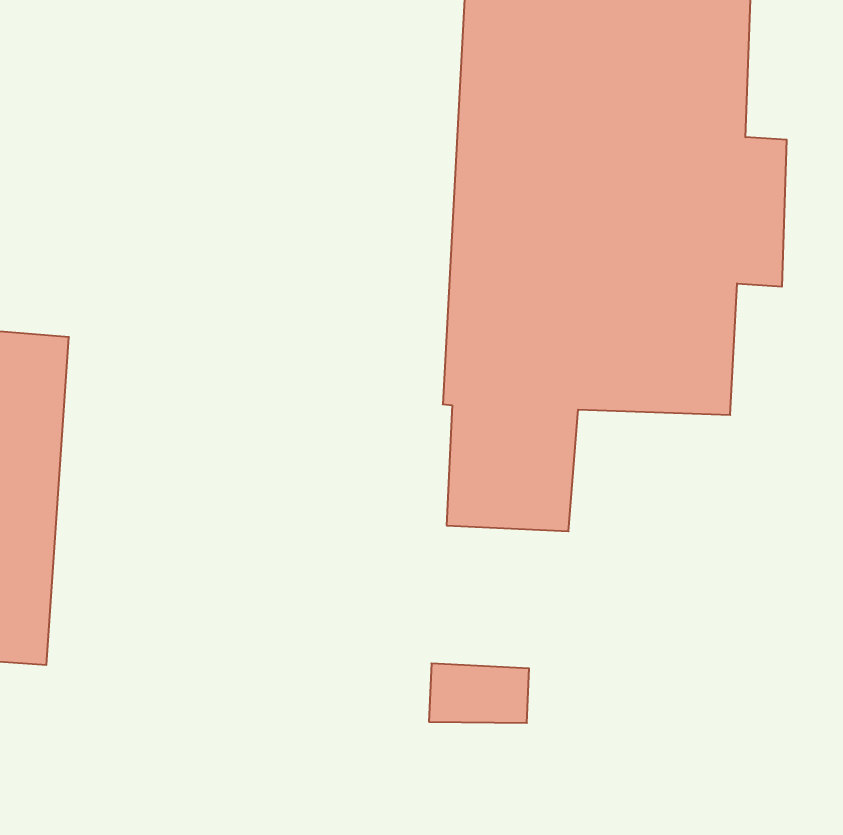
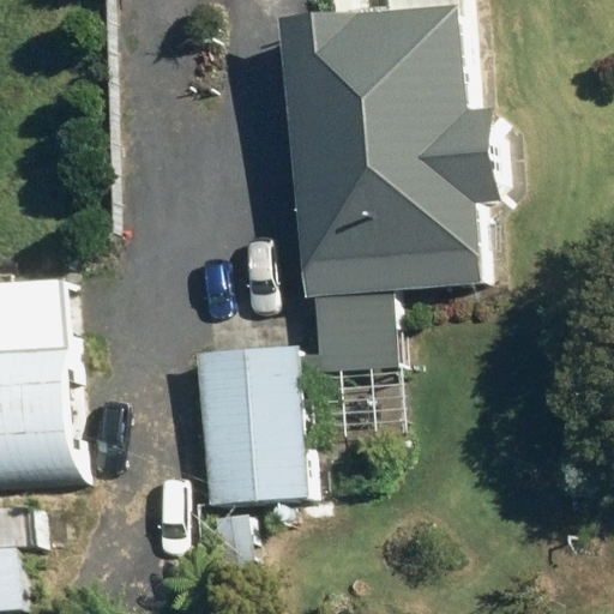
building: none -> [198,348,309,505]

